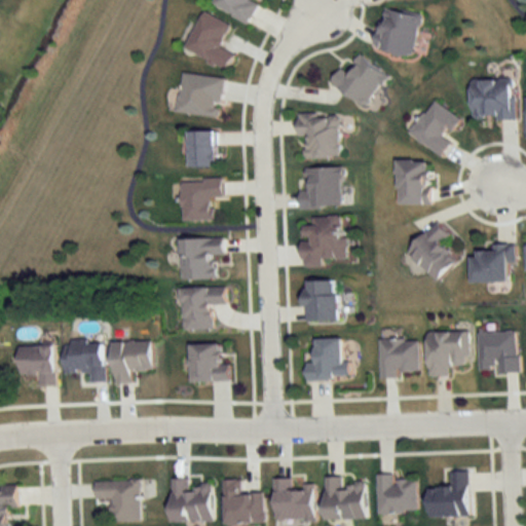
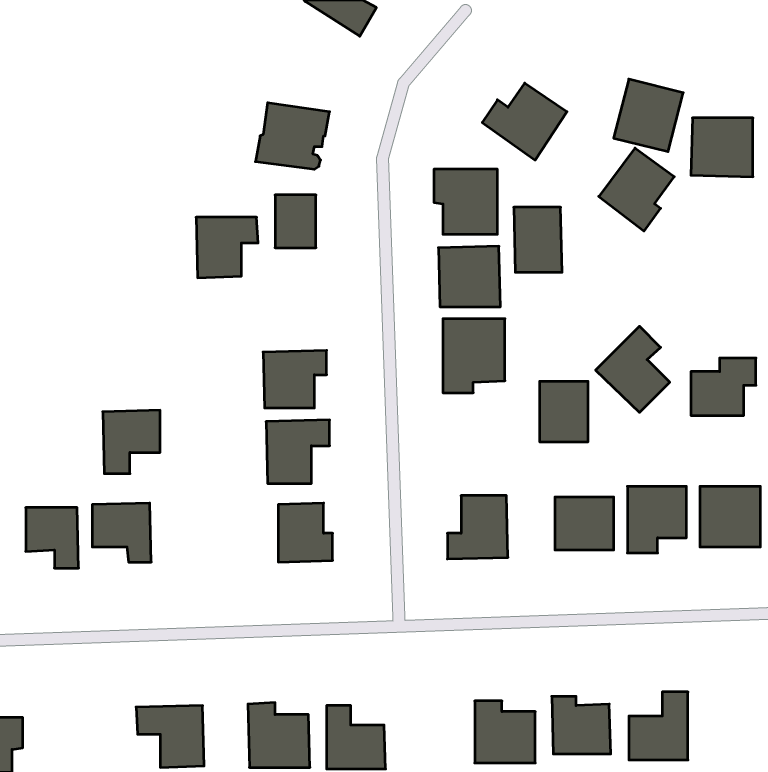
building: [183,8,232,68] -> none
building: [372,8,419,58] -> [614,79,683,152]
building: [394,161,427,205] -> [514,207,562,272]
building: [179,180,221,221] -> [196,217,258,278]
building: [303,278,336,320] -> [540,381,588,442]
building: [110,340,149,383] -> [103,410,160,474]
building: [272,479,313,521] -> none

